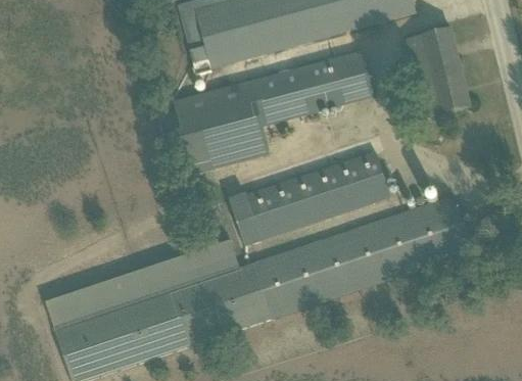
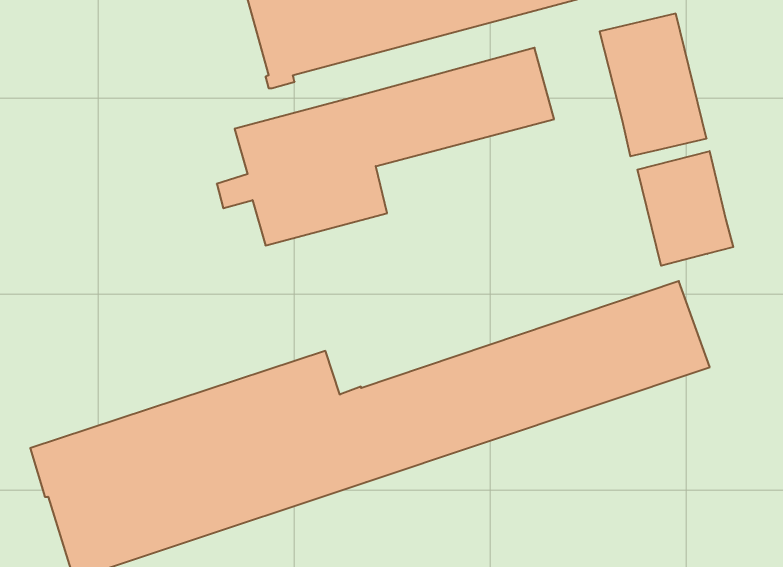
building: none -> [637,151,733,266]
building: [229,152,397,245] -> none

